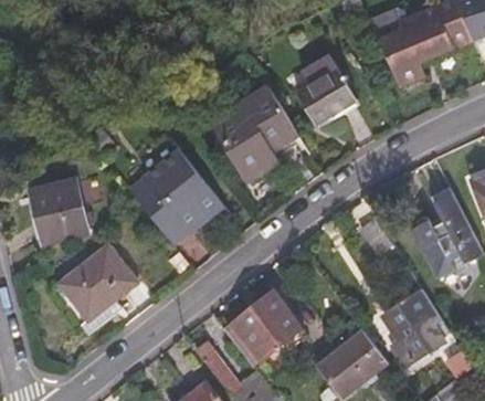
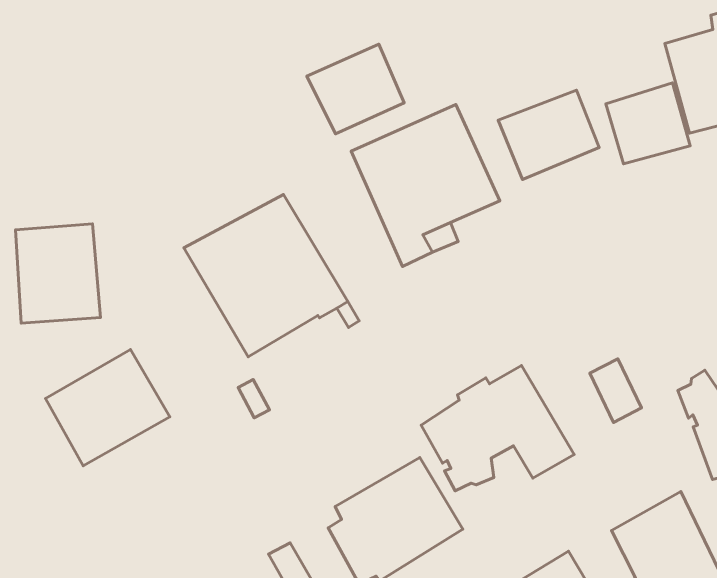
building: none -> [307,44,404,134]
building: none -> [606,83,690,164]
building: none -> [421,366,574,491]

